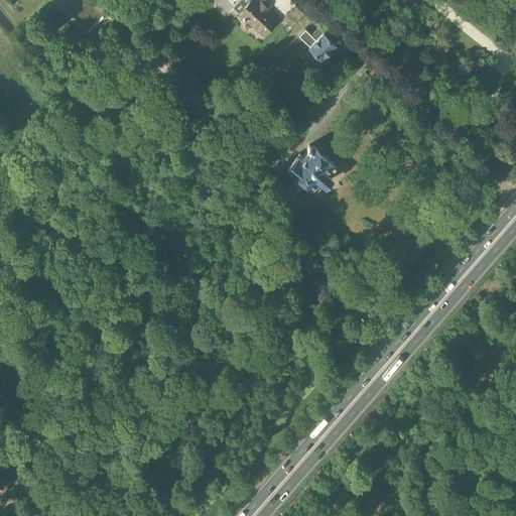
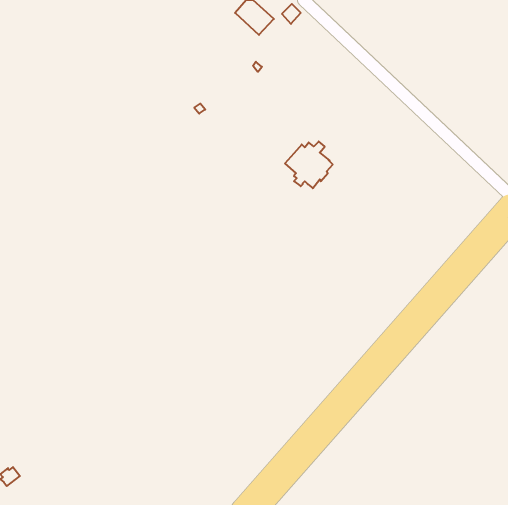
building: [284,31,335,61] -> none

